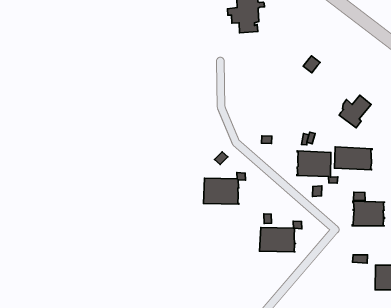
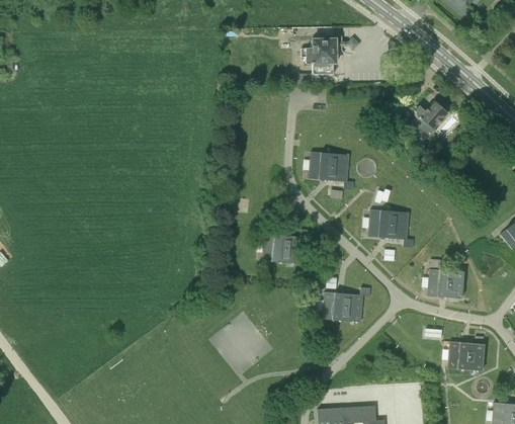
building: [339,95,371,128] -> [411,102,447,139]
building: none -> [309,152,354,190]
building: [335,147,372,170] -> none

